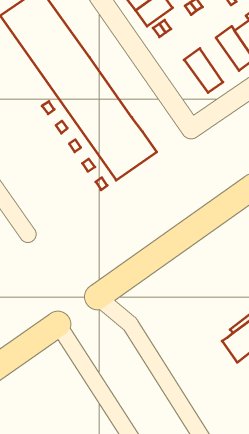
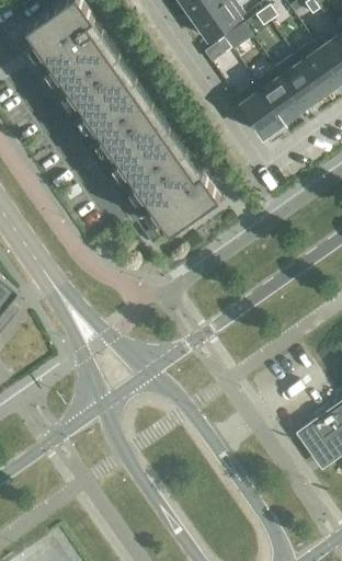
building: none -> [273,60,321,115]
building: none -> [233,88,283,142]

